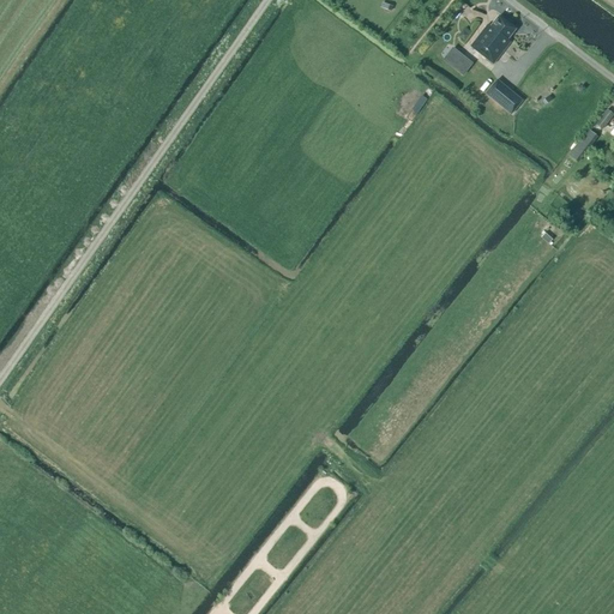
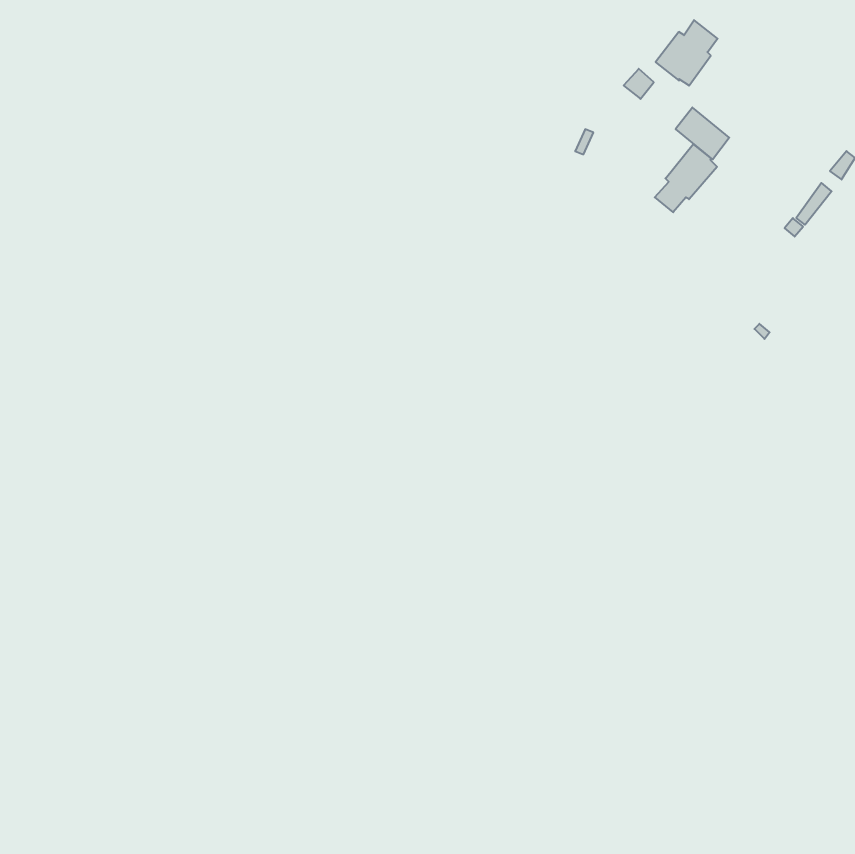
building: none -> [655,144,717,212]

